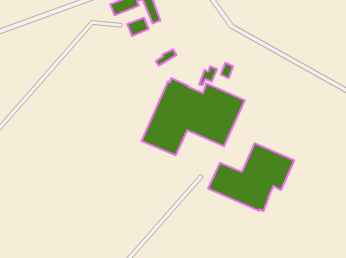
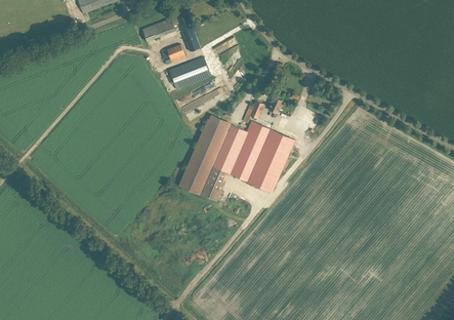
building: none -> [169,56,210,89]
building: [208,143,294,211] -> none

